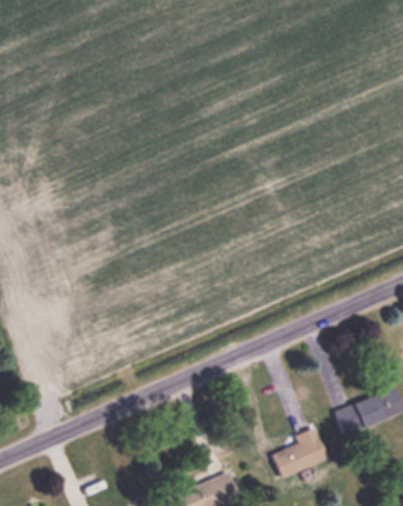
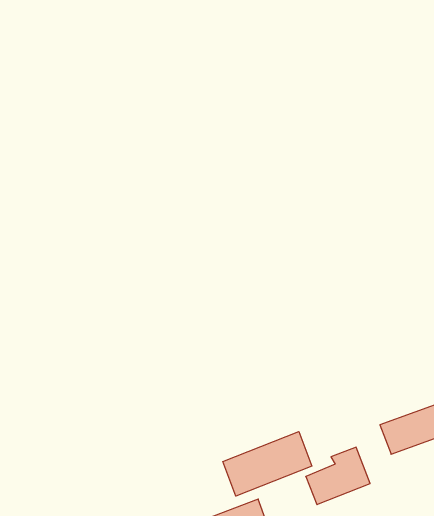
building: none -> [223,432,312,496]

